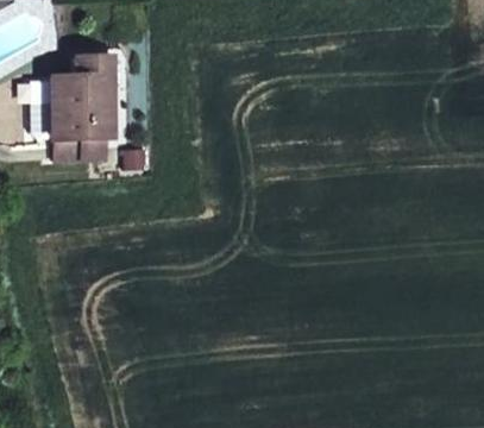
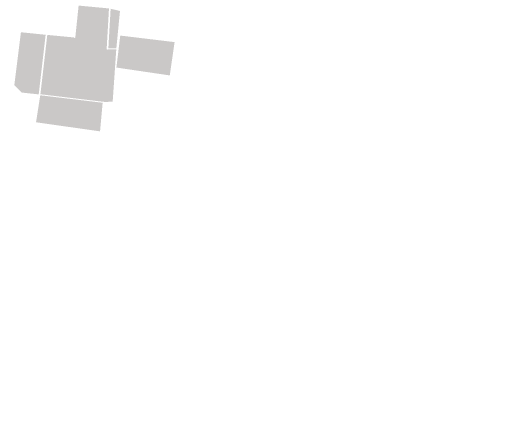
building: none -> [116,35,175,76]

